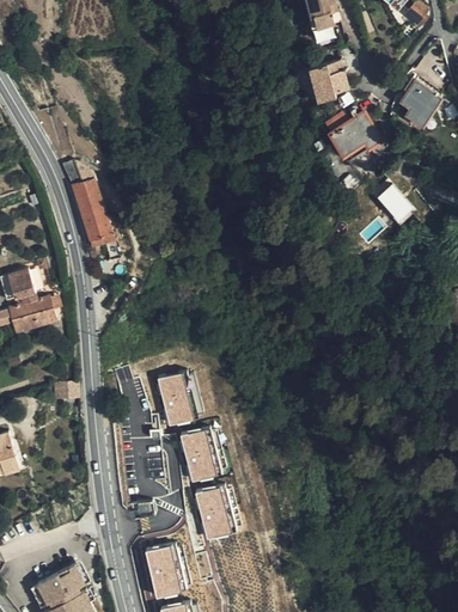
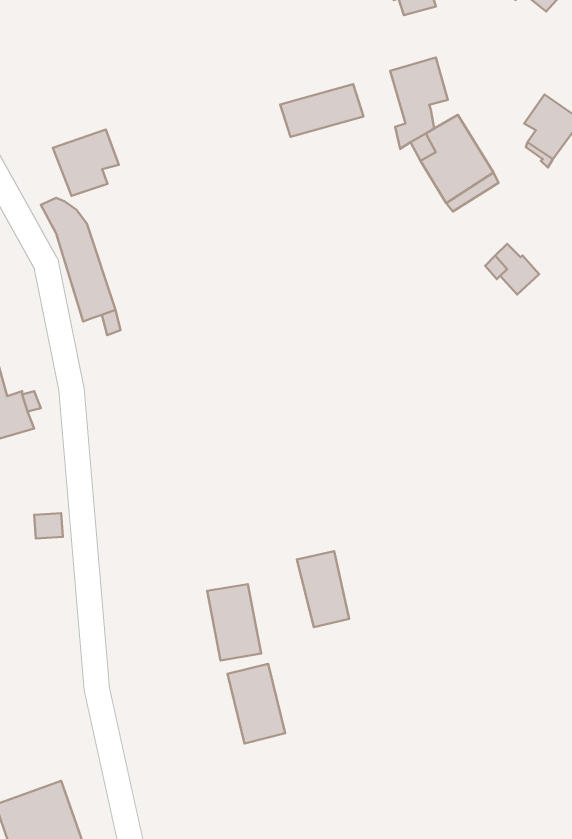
building: none -> [280,84,364,137]
building: none -> [53,130,119,196]
building: [155,374,193,428] -> [297,551,349,627]
building: [145,546,182,601] -> none

